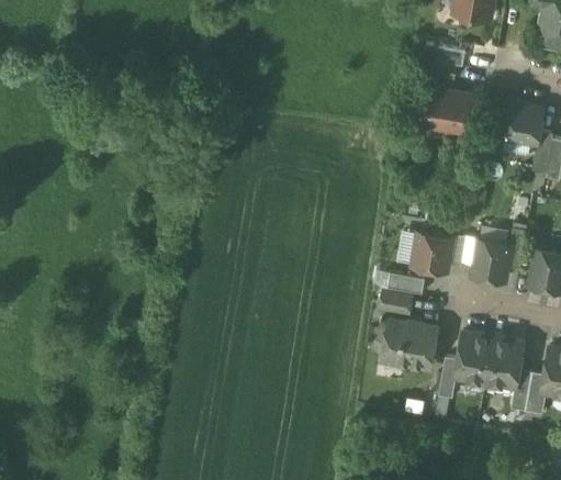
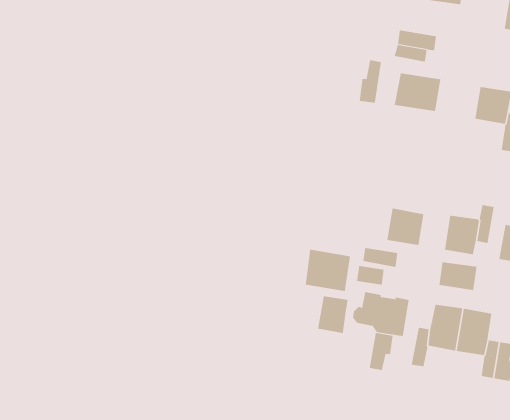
building: none -> [359,60,382,104]
building: none -> [305,249,351,292]
building: none -> [439,262,477,291]
building: none -> [318,296,348,334]
building: none -> [369,332,393,371]

